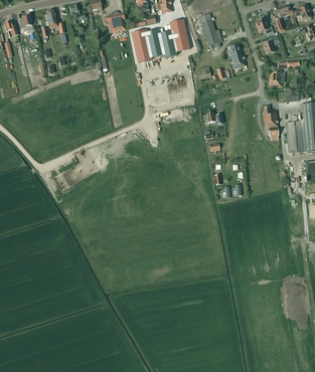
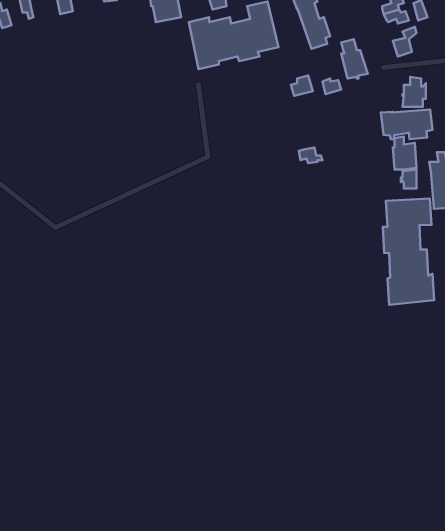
building: none -> [381,109,432,139]
building: none -> [383,199,434,305]

